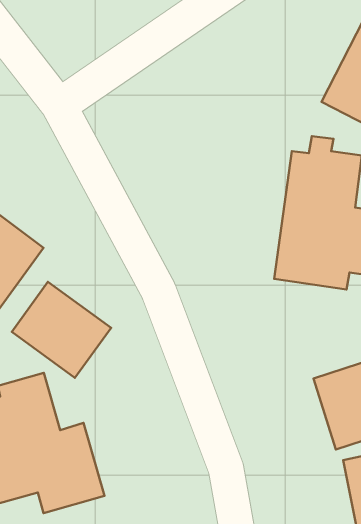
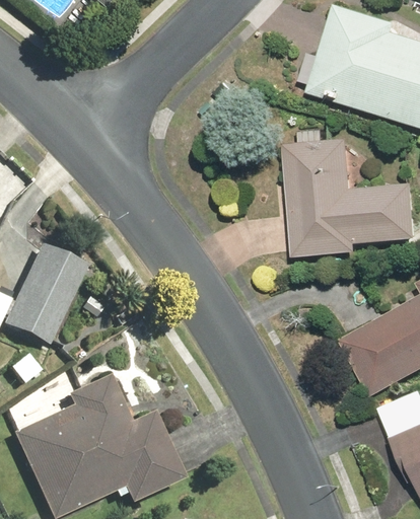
building: [12,282,111,378] -> none

